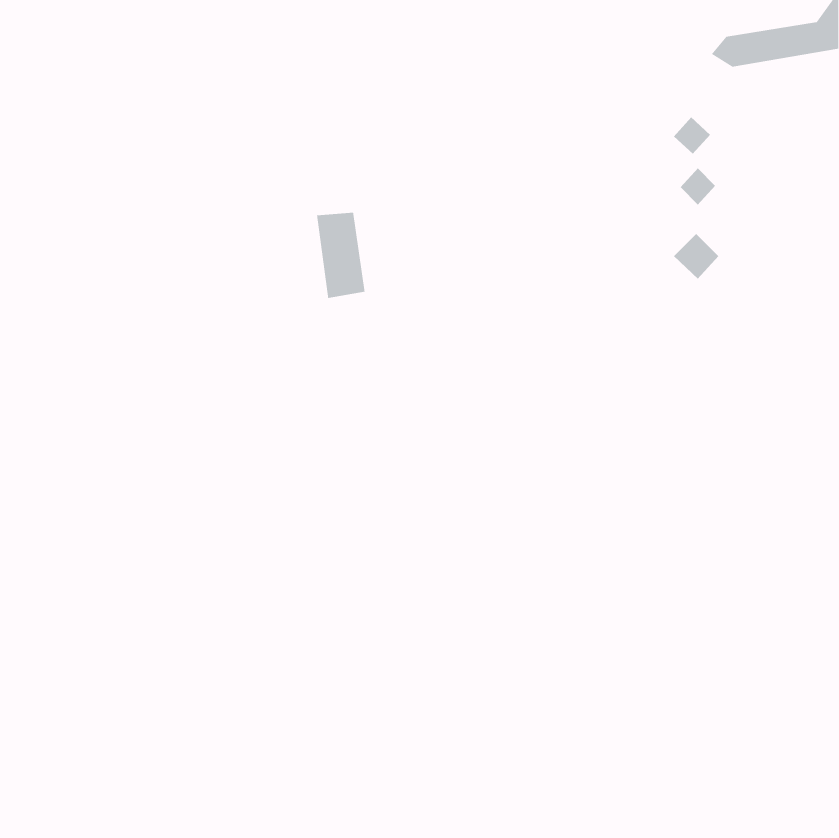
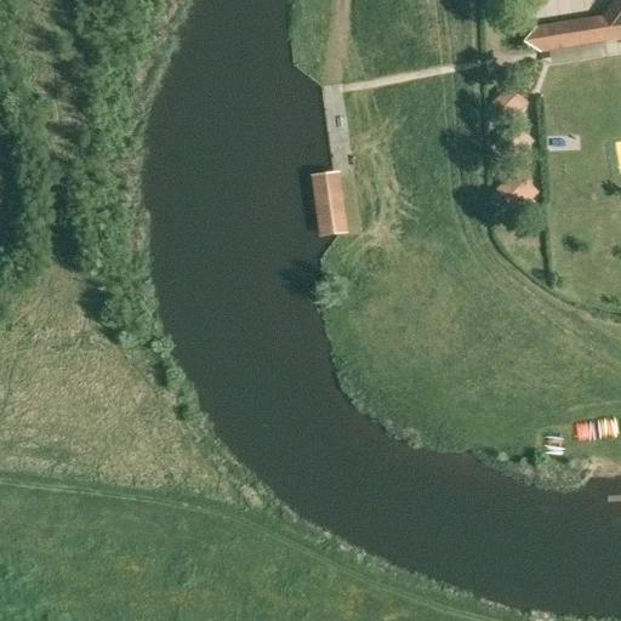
building: [316,212,365,299] -> [310,172,347,237]

